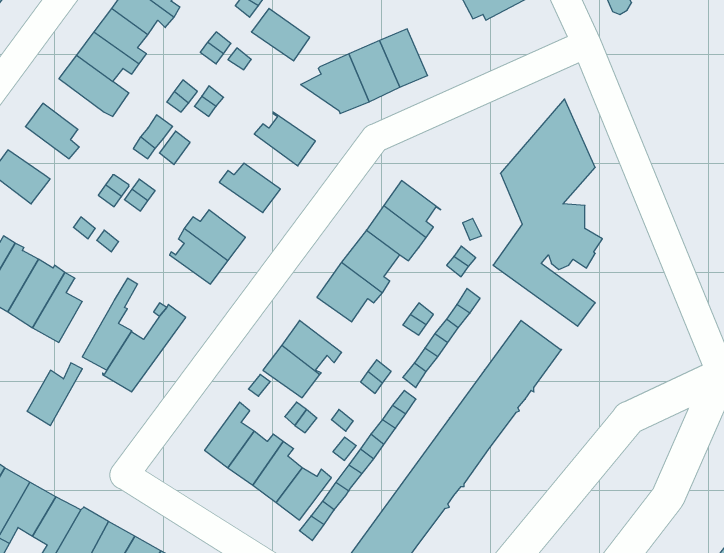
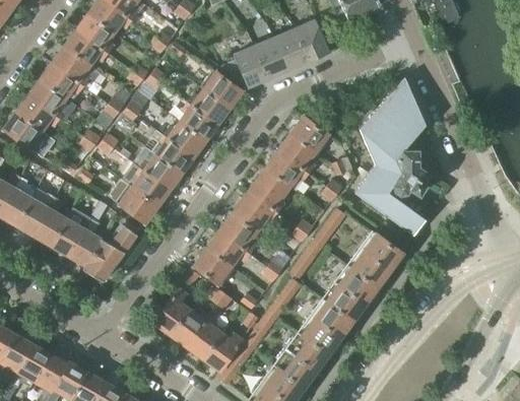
building: [251,8,310,61] -> [201,70,242,107]
building: none -> [295,19,330,61]
building: none -> [41,63,83,103]
building: none -> [16,96,59,130]
building: none -> [181,102,218,140]
building: none -> [290,117,331,154]
building: none -> [156,135,194,174]
building: none -> [117,186,157,222]
building: none -> [219,215,256,254]
building: [27,363,82,426] -> [52,213,90,257]

